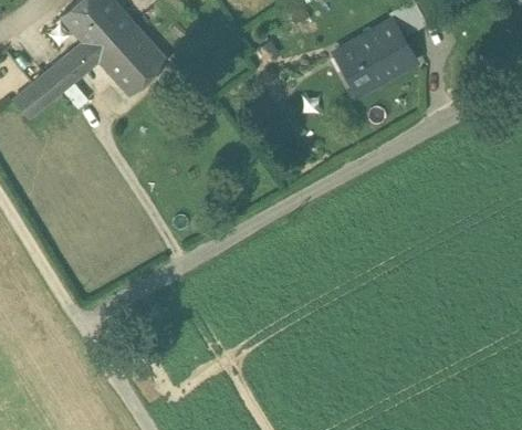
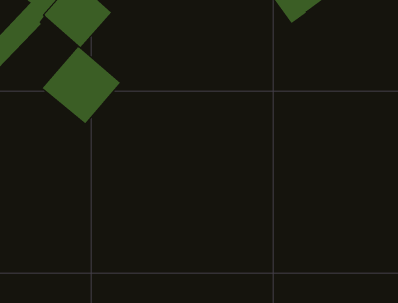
building: none -> [42,47,121,124]

